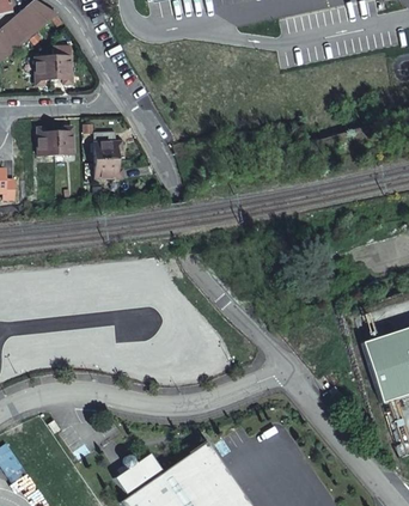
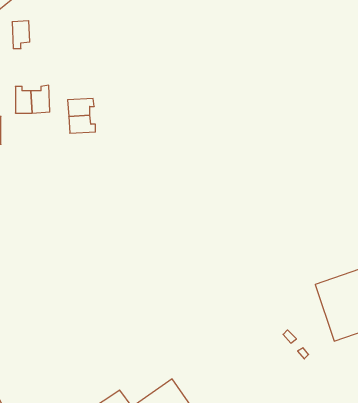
building: [53,47,72,85] -> none

